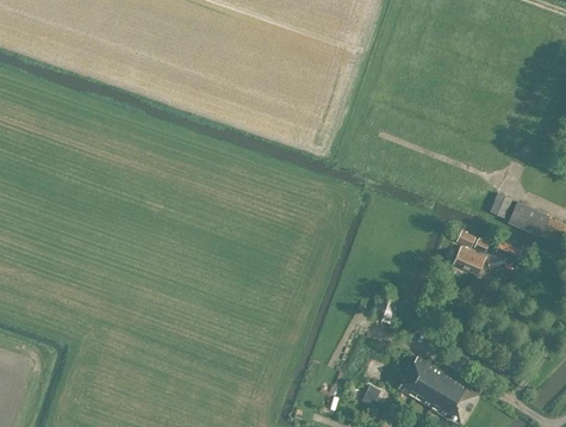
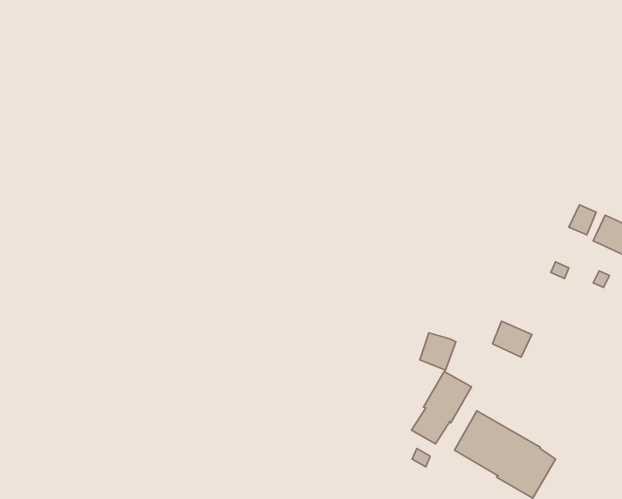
building: [453,245,484,273] -> [493,321,532,357]
building: none -> [411,371,471,444]

